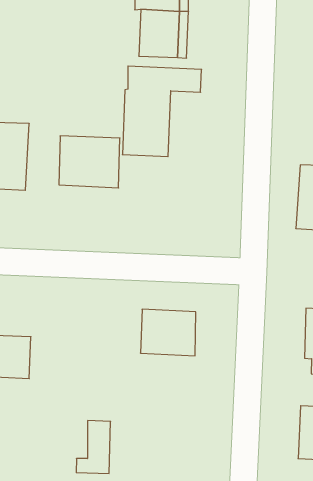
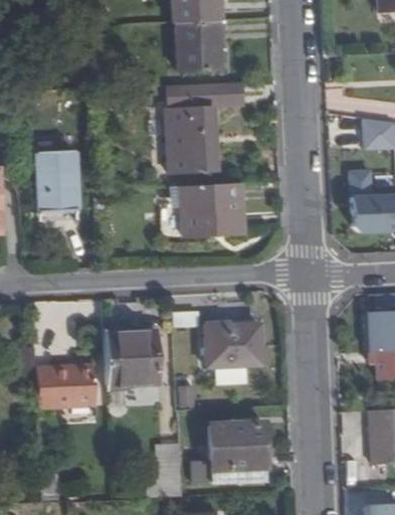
building: [59,136,120,188] -> [180,181,243,233]
building: none -> [104,331,158,383]
building: none -> [194,422,266,480]

